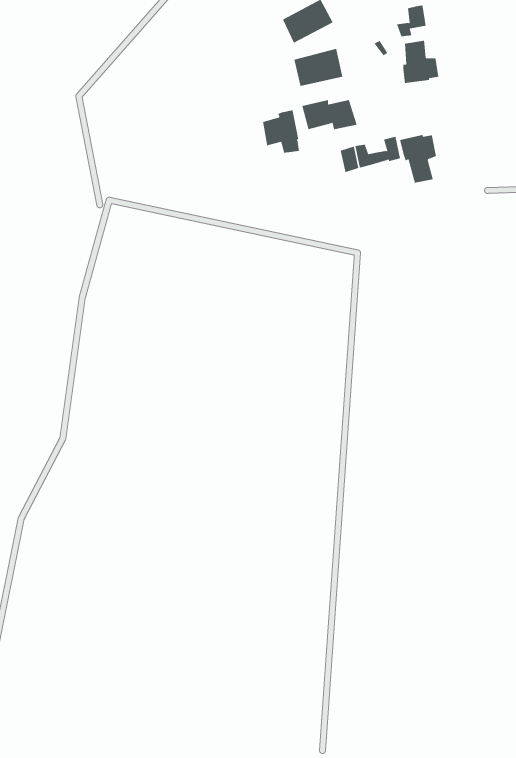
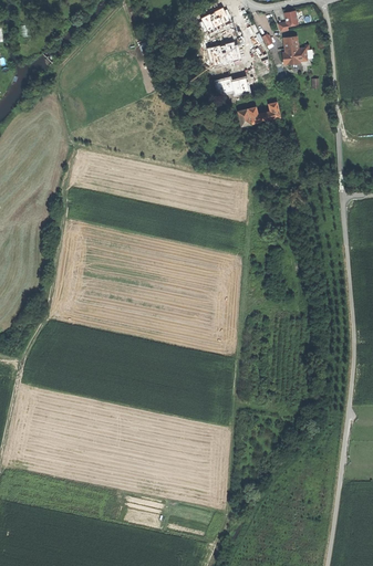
building: [262,109,300,154] -> none
building: [400,134,436,183] -> none

